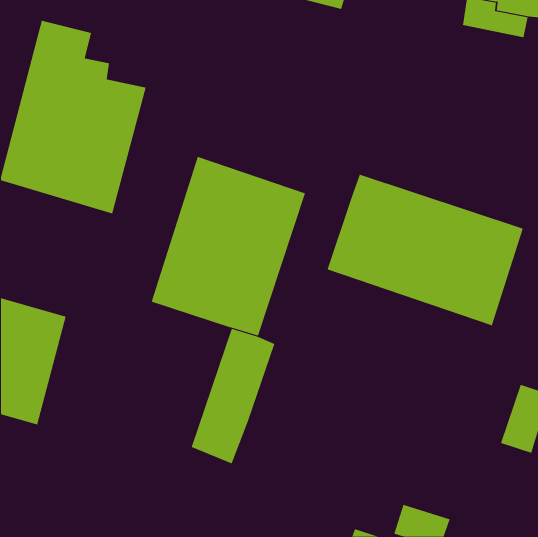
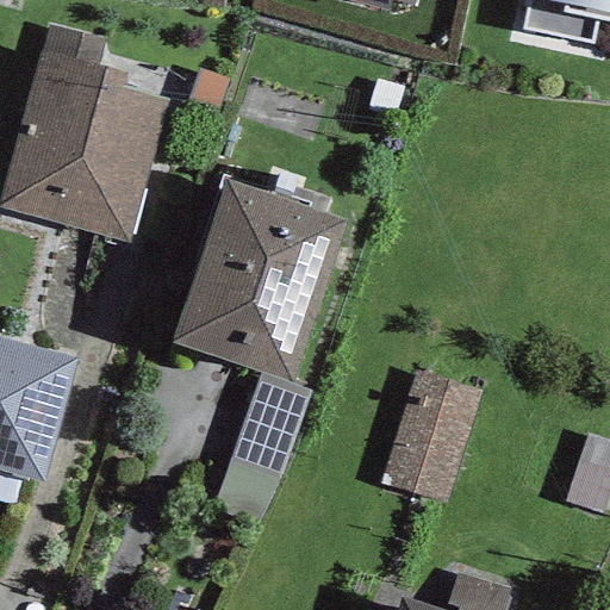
building: [327,174,524,326] -> none
building: none -> [380,371,483,503]

